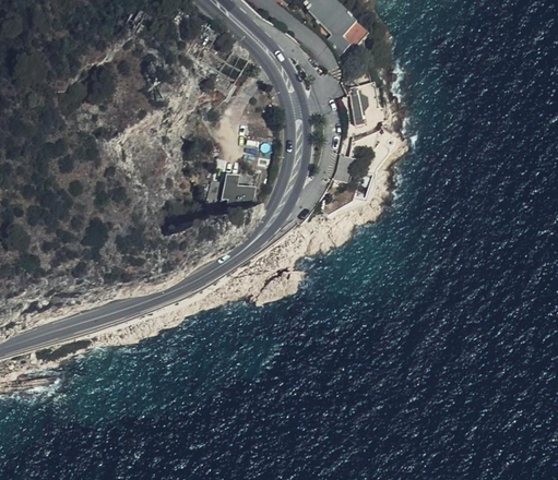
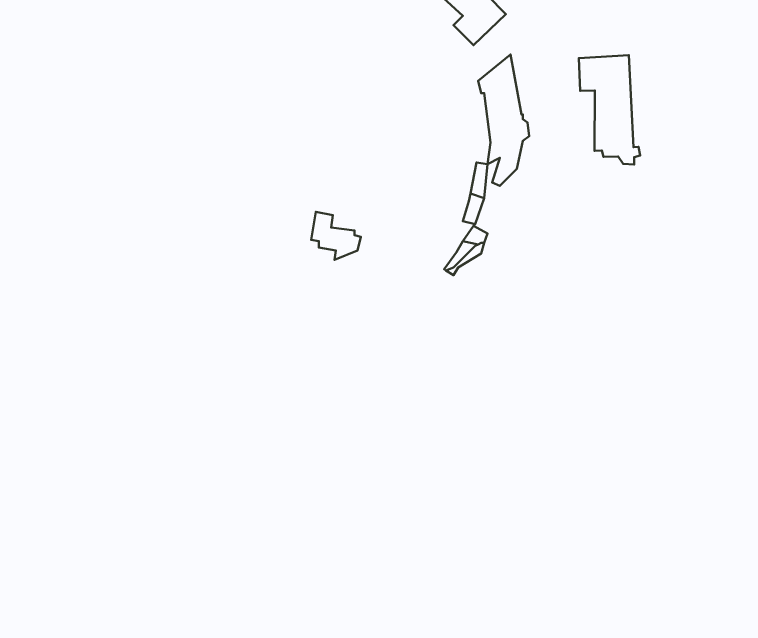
building: none -> [579,55,640,165]

